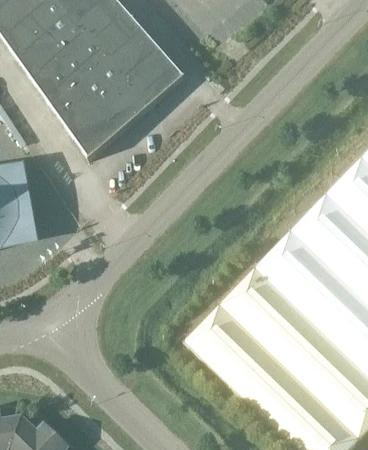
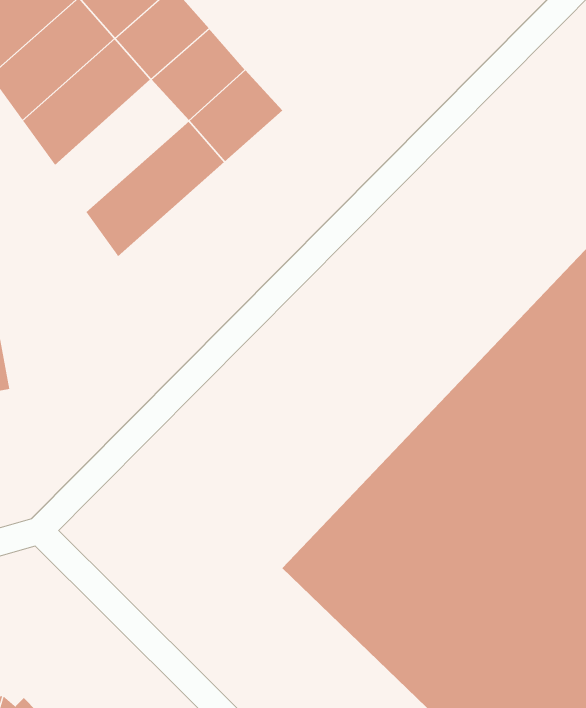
building: [52,57,130,134] -> none

